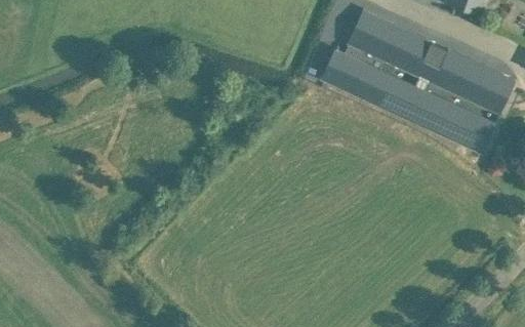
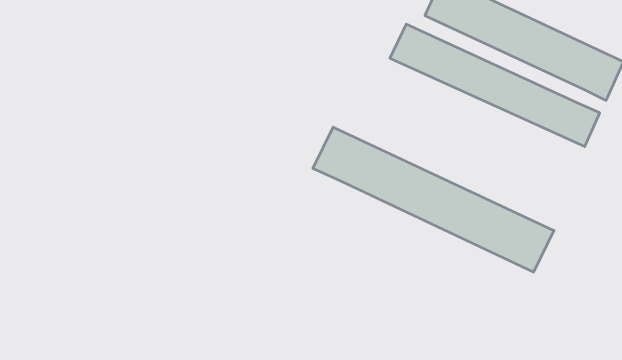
building: none -> [313,127,554,272]

